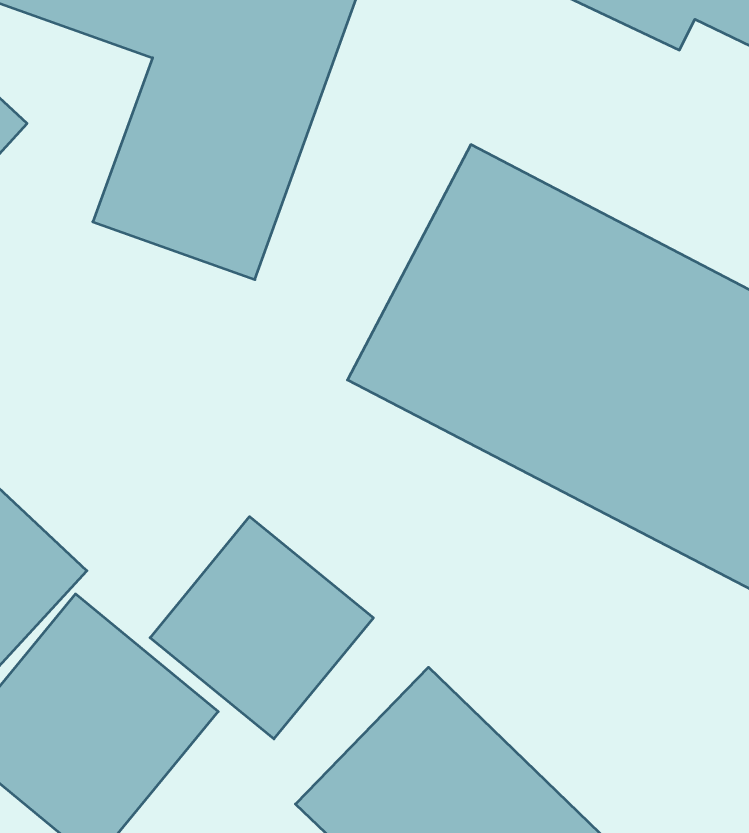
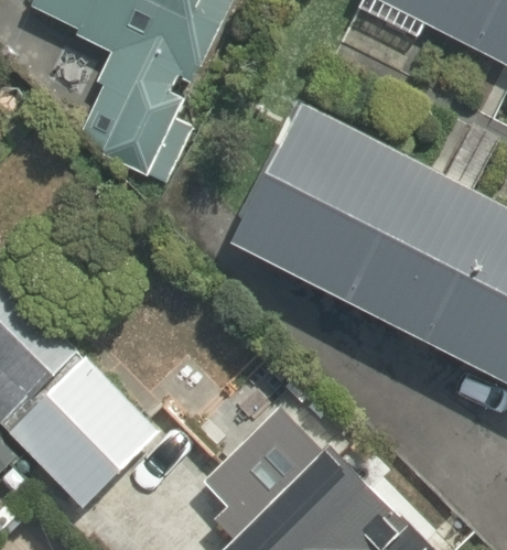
building: [150,517,373,739] -> none

